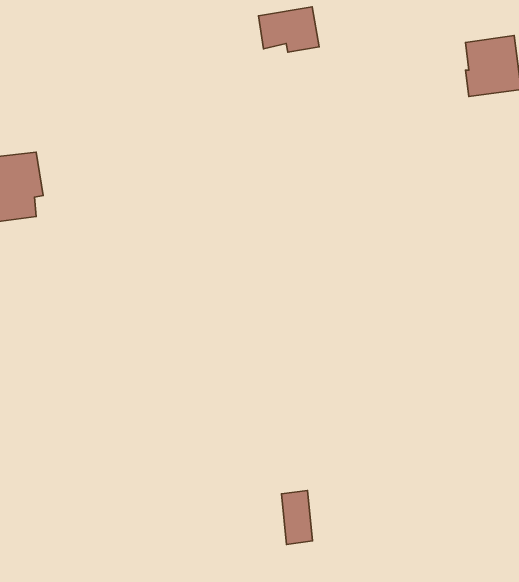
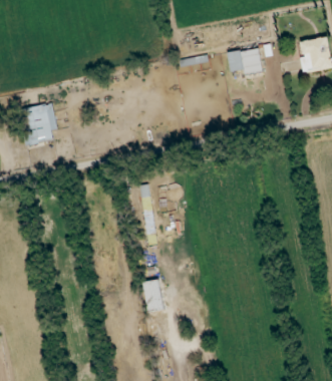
building: [258,7,319,52] -> [227,48,262,74]
building: [281,490,313,544] -> [143,280,161,311]

